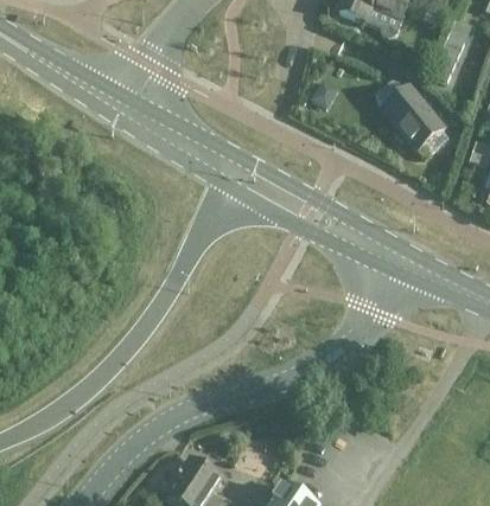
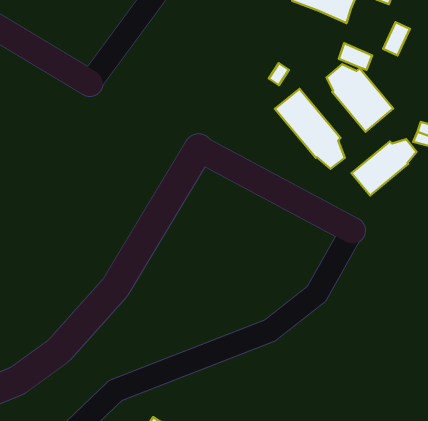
building: none -> [275,89,345,169]
building: none -> [352,139,416,196]

